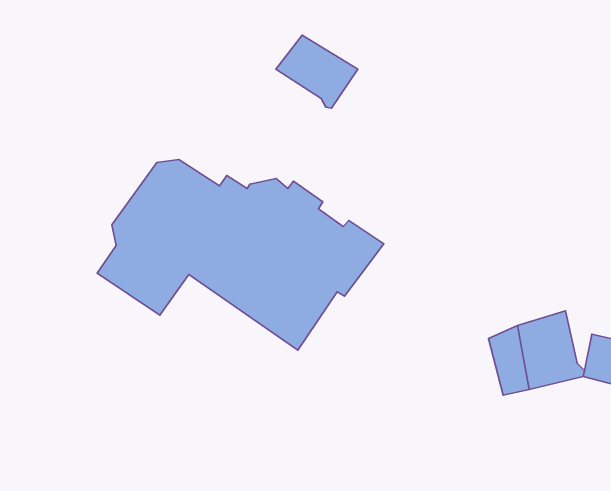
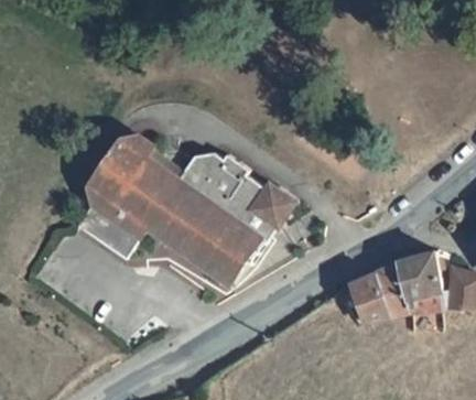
building: [276,35,358,108] -> none
building: none -> [334,275,385,329]

